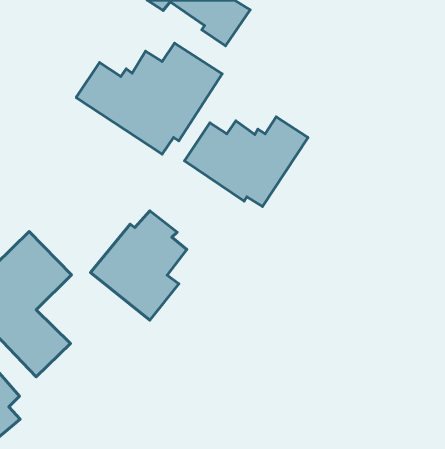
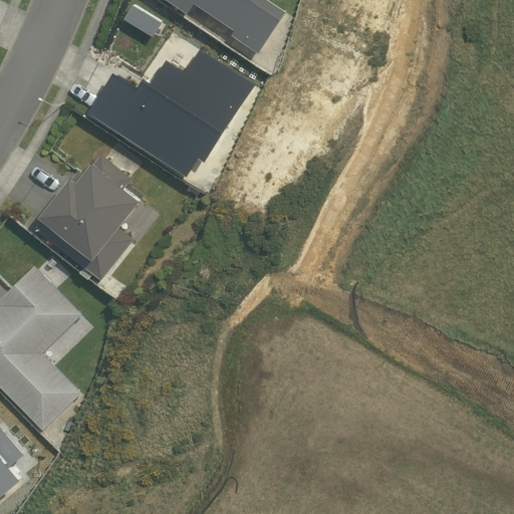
building: [184,117,308,207] -> none
building: [91,211,187,320] -> [32,156,142,280]

